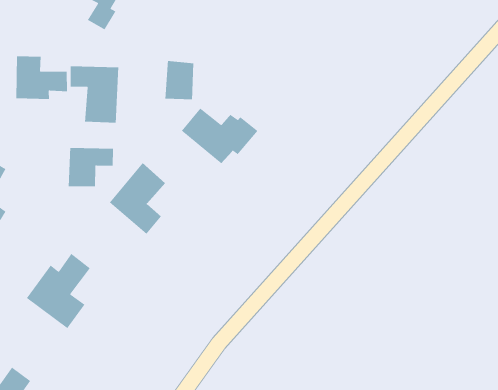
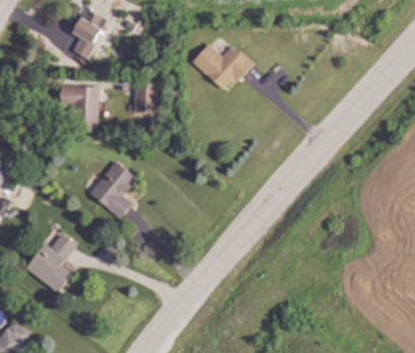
building: [16,55,68,100] -> none
building: [181,107,259,164] -> [191,44,252,88]
building: [68,147,114,187] -> none

